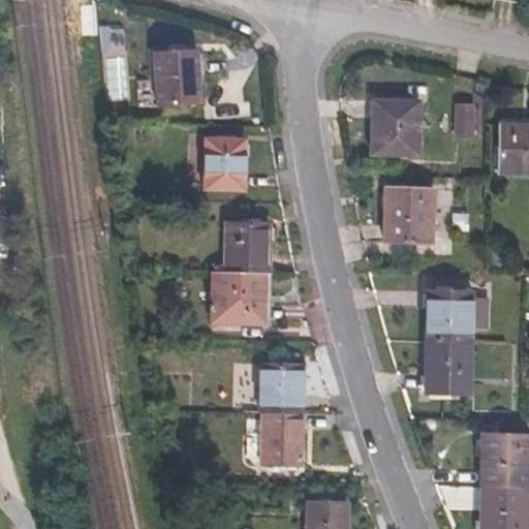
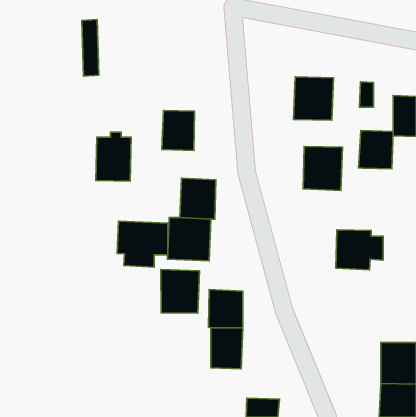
building: [161,52,206,114] -> [96,132,131,181]
building: none -> [358,130,393,169]
building: none -> [117,221,168,267]
building: [424,339,467,393] -> none
building: none -> [161,269,199,313]

